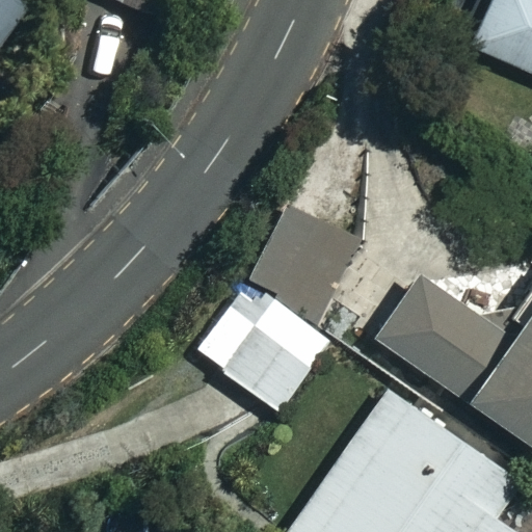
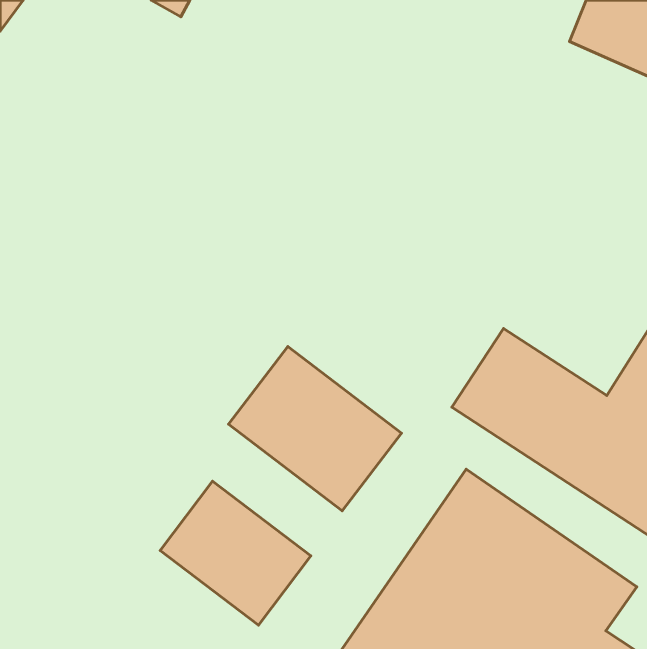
building: [258,212,365,317] -> none
building: none -> [160,481,311,625]

